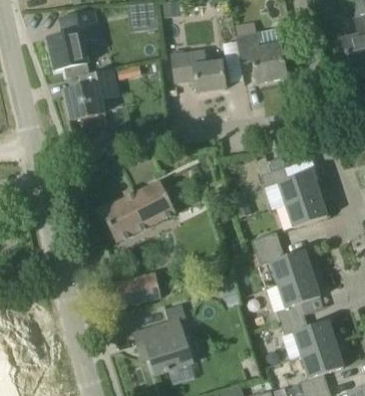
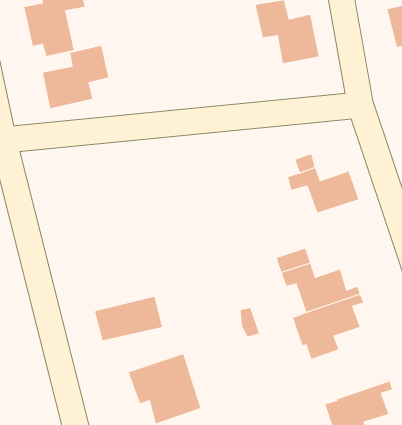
building: [171,51,226,92] -> none
building: [100,180,175,242] -> none
building: [285,193,327,227] -> none
building: [280,315,344,355] -> none

